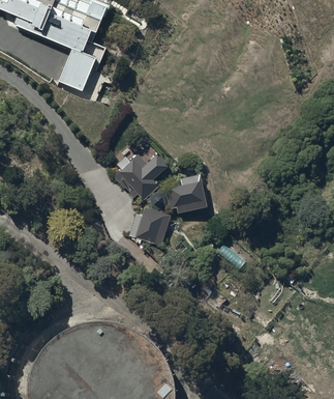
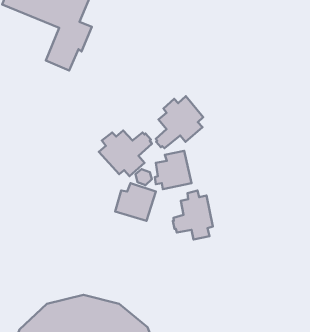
building: none -> [156,96,203,148]
building: none -> [173,191,213,240]

